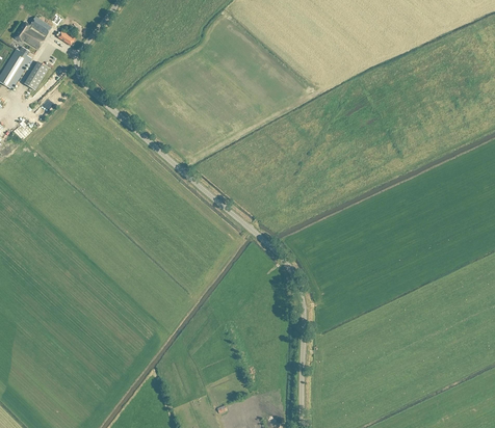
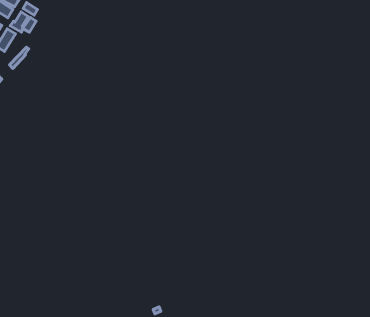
building: none -> [10,12,36,32]

